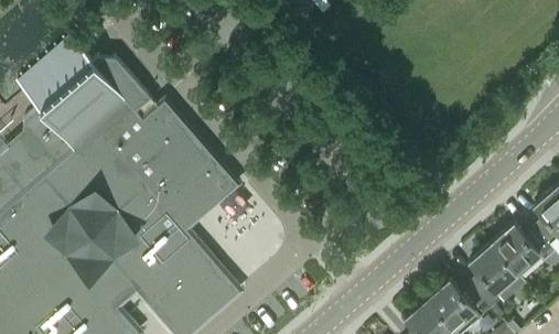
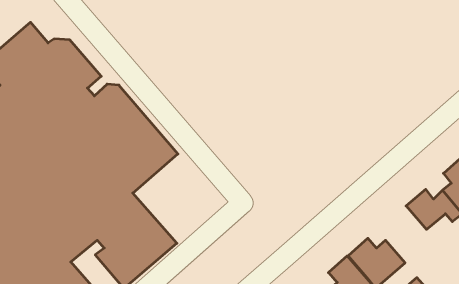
building: [470,245,516,309] -> none

